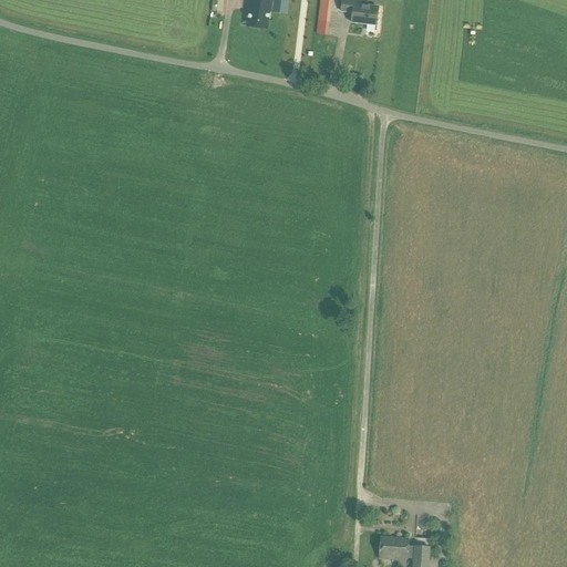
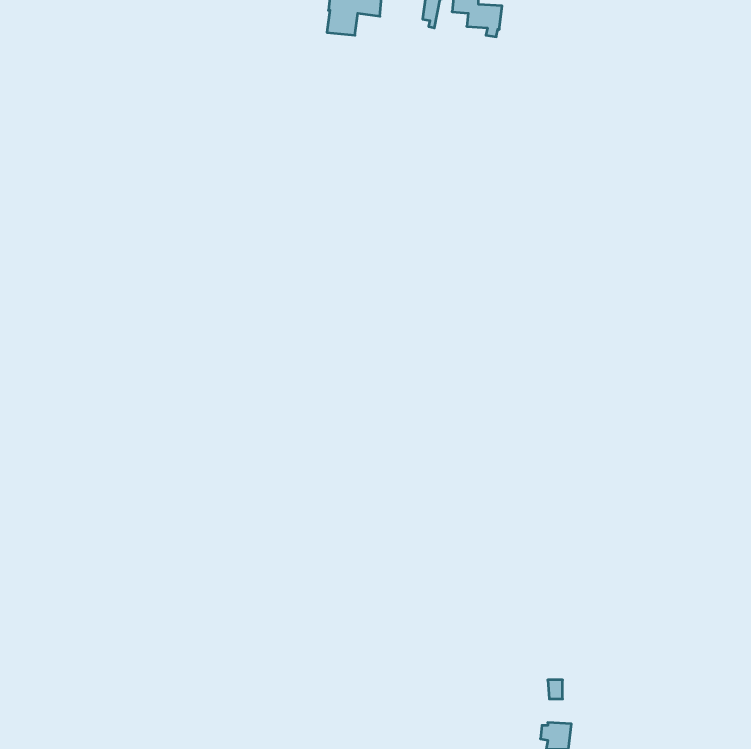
building: [378,534,409,558] -> none

